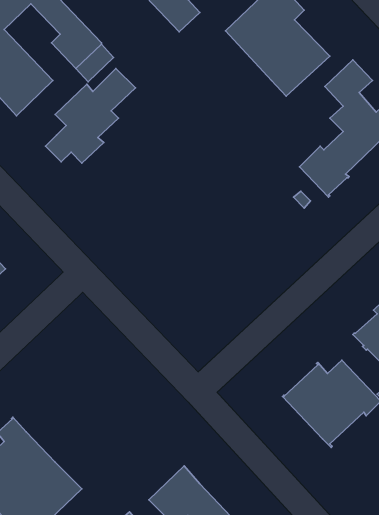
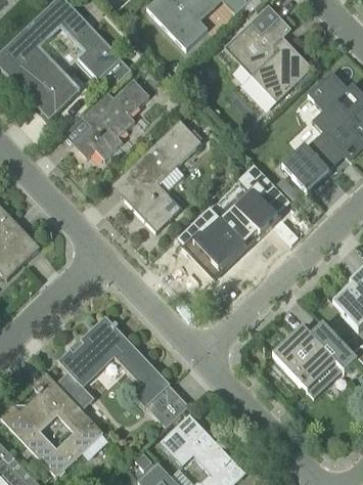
building: none -> [123,121,201,231]
building: none -> [177,169,290,274]
building: none -> [57,317,189,429]

